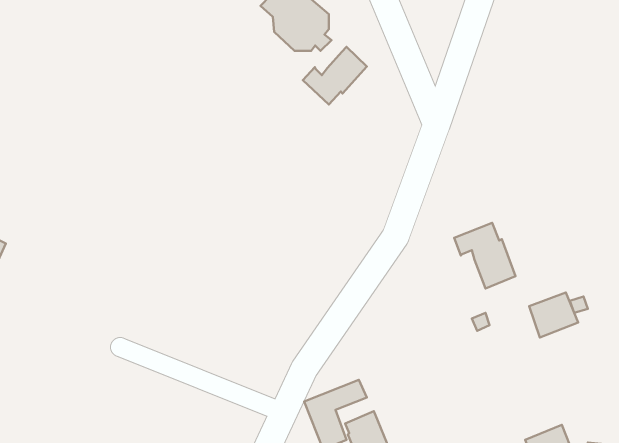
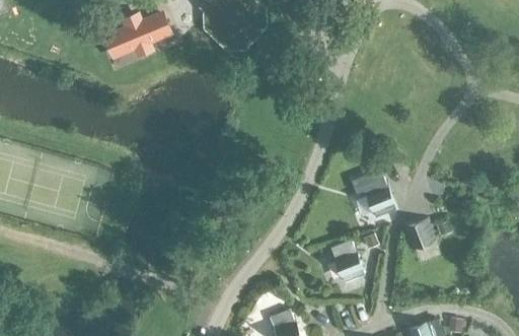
building: none -> [104,14,170,56]
building: [303,47,367,104] -> none
building: none -> [330,247,364,283]

